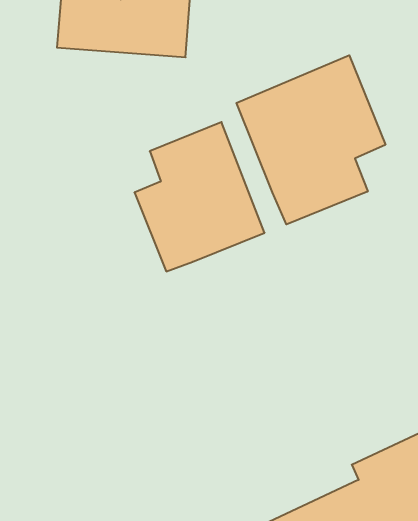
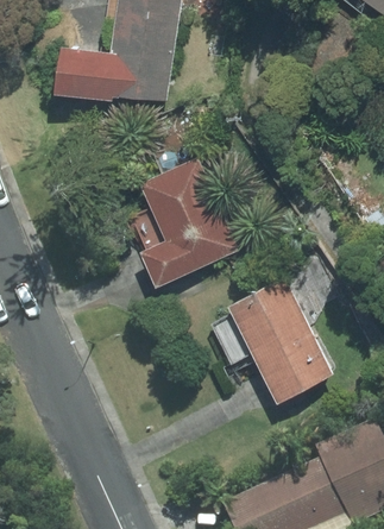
building: [236,55,385,224] -> none
building: none -> [202,276,332,399]

